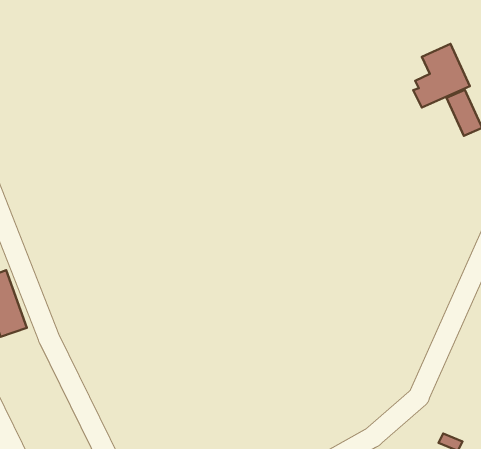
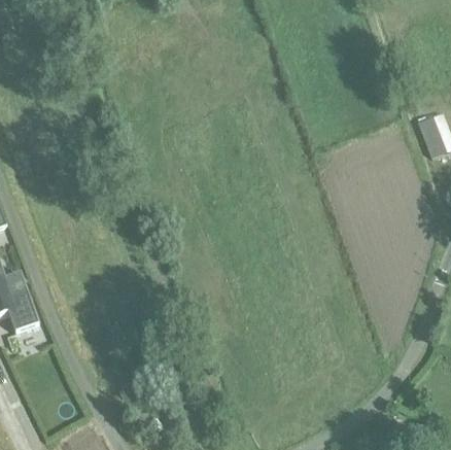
building: [413,44,470,108] -> none

